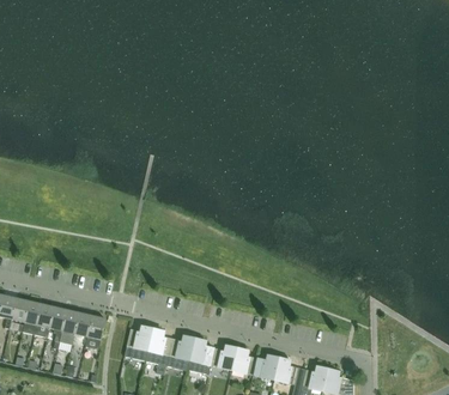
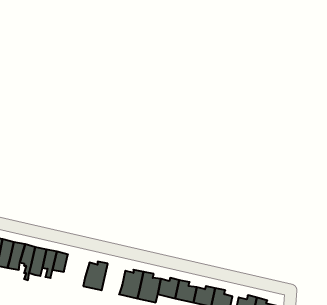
building: [144,329,171,365] -> none

